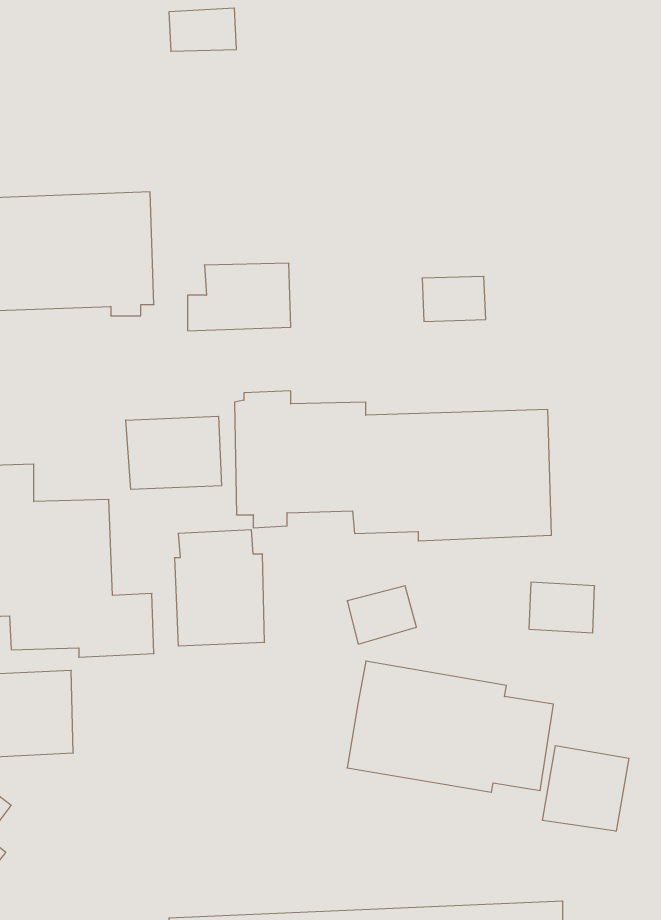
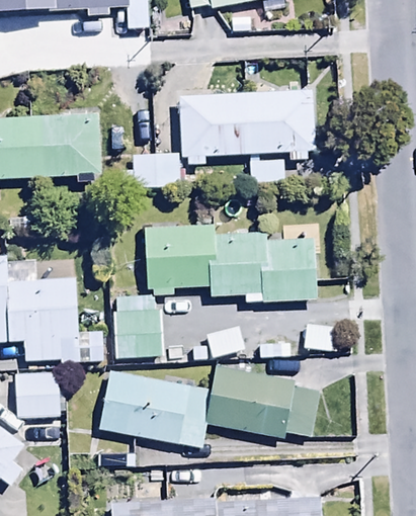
building: none -> [177,85,314,172]
building: [126,416,221,489] -> none
building: none -> [98,371,213,447]
building: [542,746,629,831] -> none

